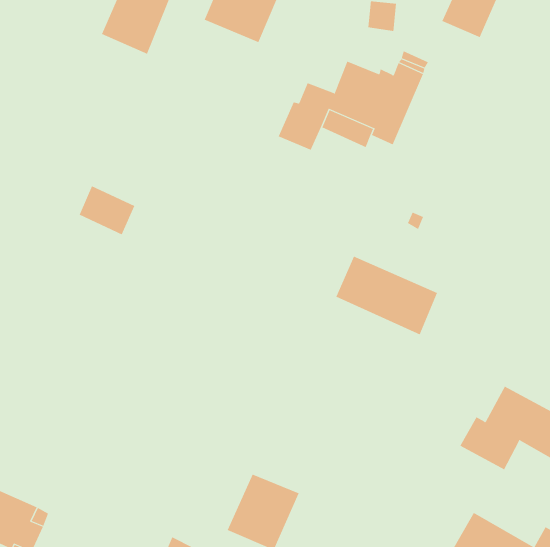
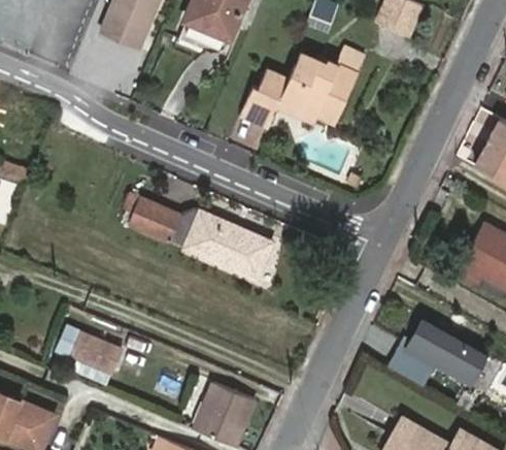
building: [79,185,135,235] -> [132,198,177,238]
building: [336,256,438,335] -> [188,213,270,277]
building: none -> [71,330,125,375]

